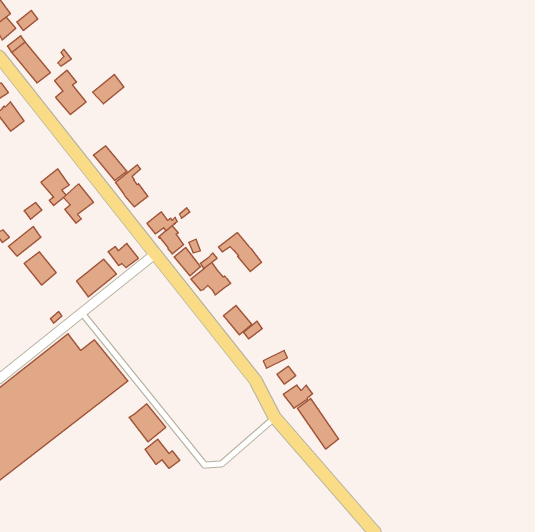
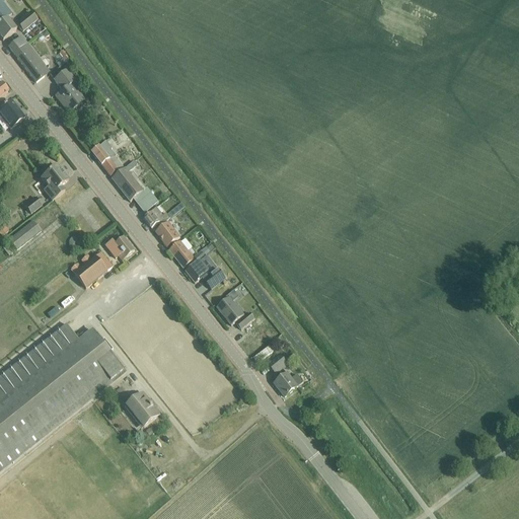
building: [93,74,124,104] -> none
building: [64,184,93,223] -> none
building: [218,233,261,272] -> none
building: [24,252,56,285] -> none
building: [297,398,339,449] -> none
building: [145,439,180,468] -> none

